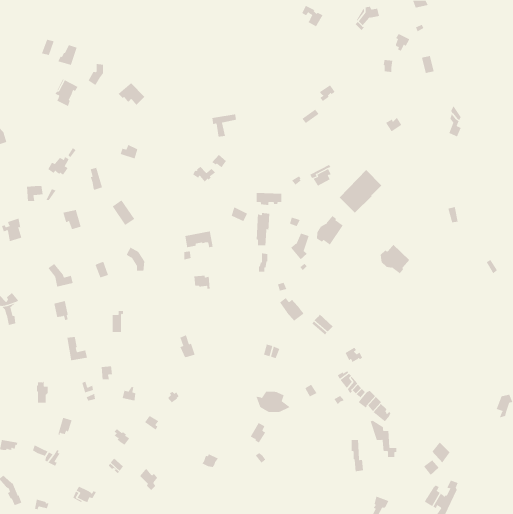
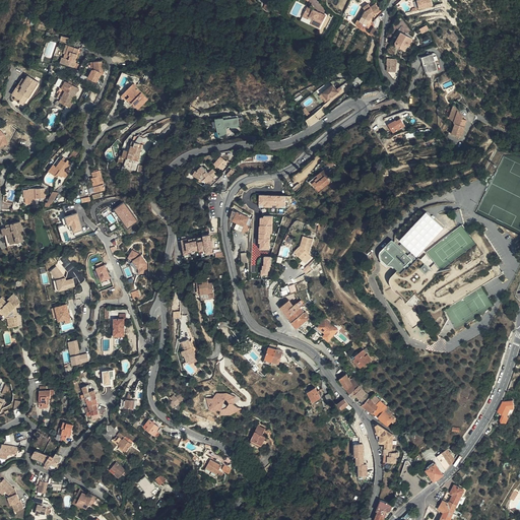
building: none -> [10,73,39,105]
building: [339,169,382,214] -> [398,211,442,256]
building: [317,215,343,246] -> none
building: [255,391,291,412] -> [205,393,241,414]

